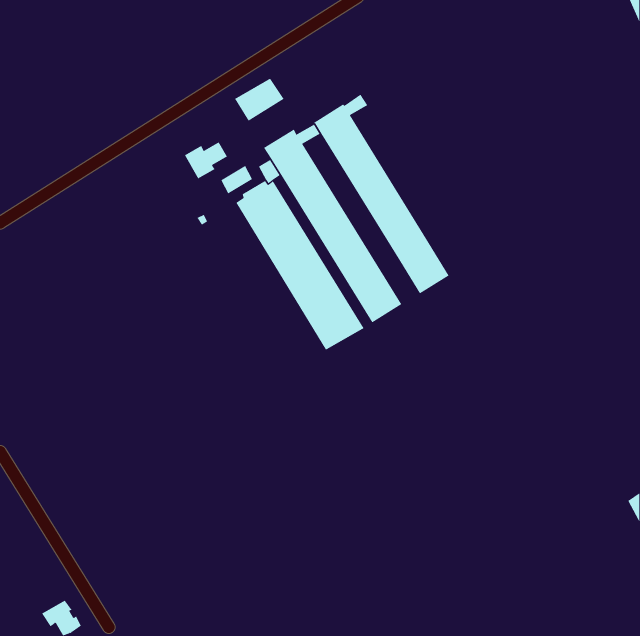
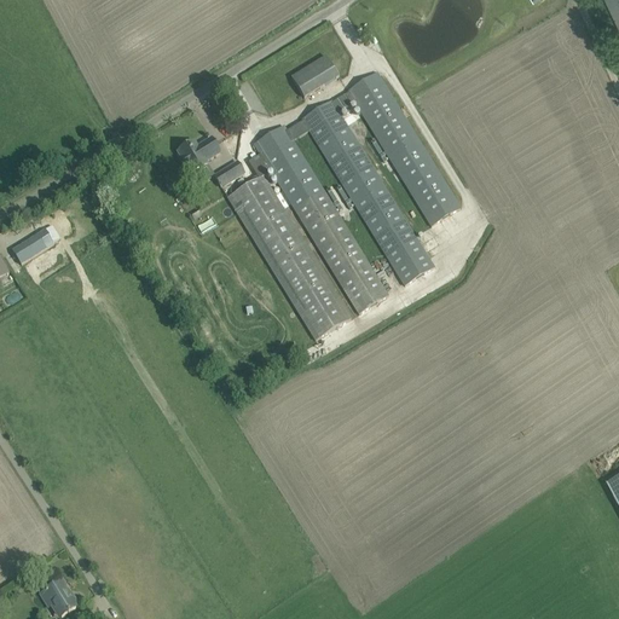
building: none -> [348,71,461,225]
building: [234,78,284,122] -> [291,54,340,97]
building: none -> [12,216,54,264]

